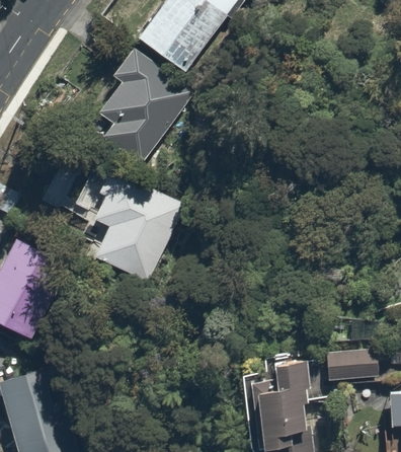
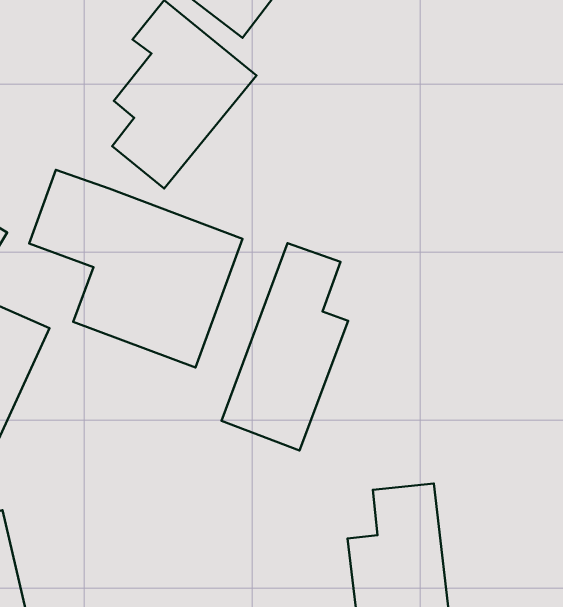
building: none -> [221,243,348,450]
building: [325,345,379,379] -> none

